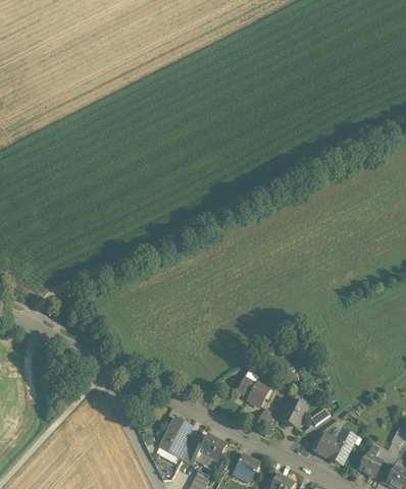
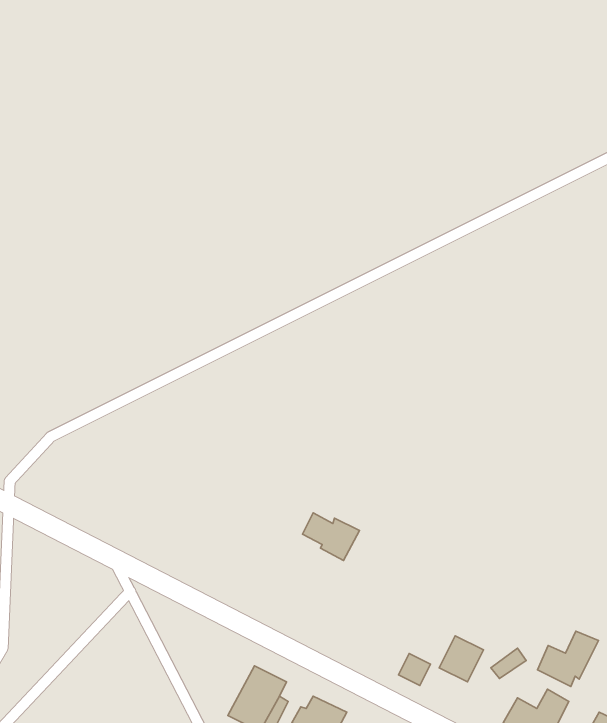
building: [237,379,269,406] -> [303,513,359,561]
building: none -> [538,631,598,686]

